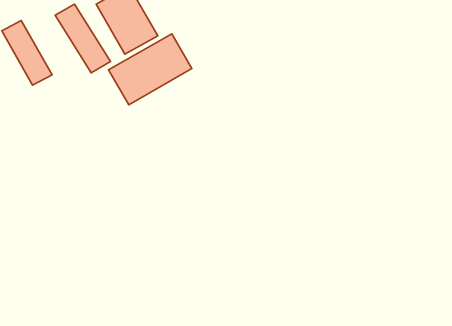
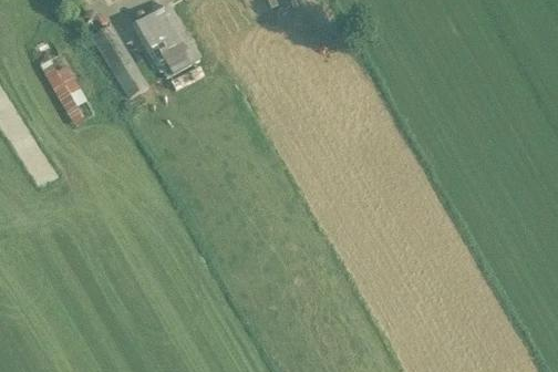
building: [109,34,192,105] -> none

